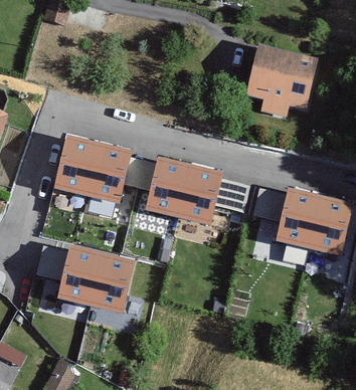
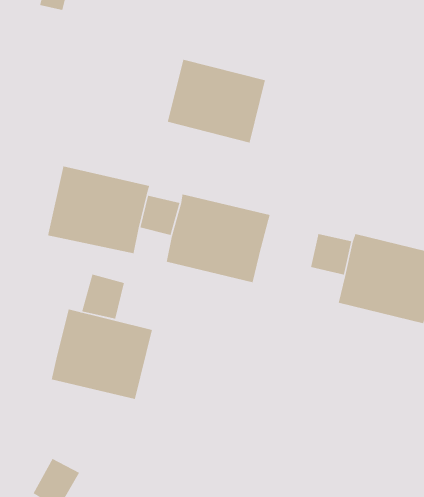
building: [242,40,318,105] -> [167,59,266,143]
building: [216,179,250,213] -> none
building: [35,247,68,282] -> [81,273,125,320]

